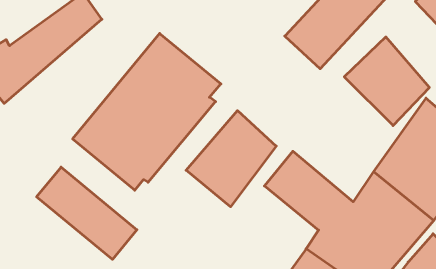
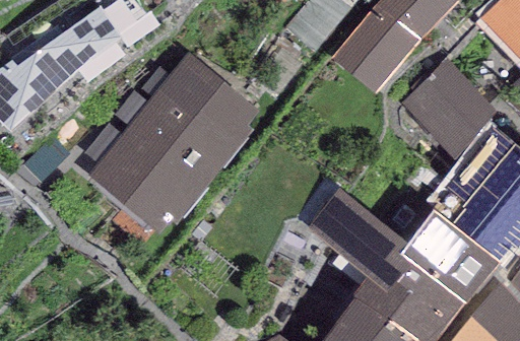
building: [186,111,276,207] -> none
building: [37,167,137,259] -> none

